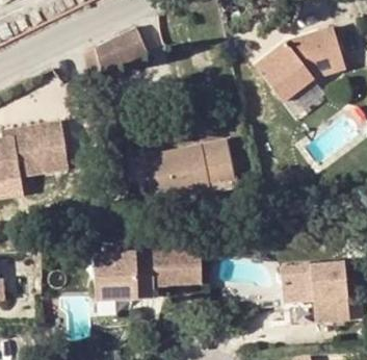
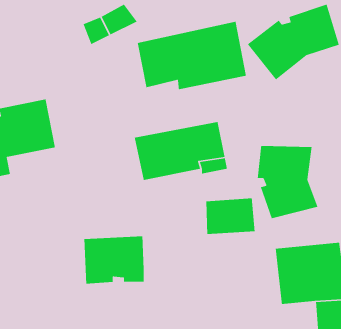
building: none -> [137,21,247,90]
building: none -> [257,145,319,219]
building: [154,249,203,285] -> [205,197,256,235]

